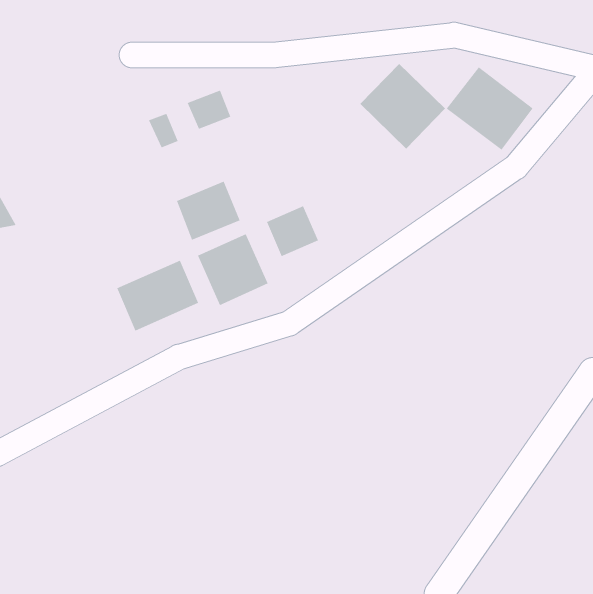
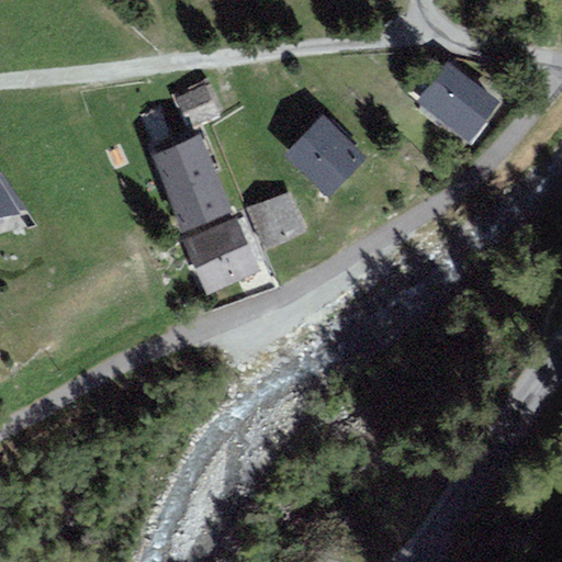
building: [360,63,446,149] -> [286,115,368,196]
building: none -> [150,134,211,189]
building: [116,260,199,331] -> none

